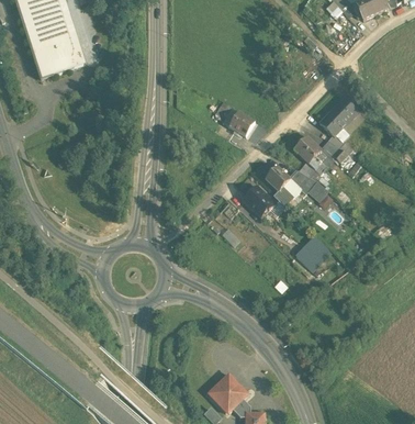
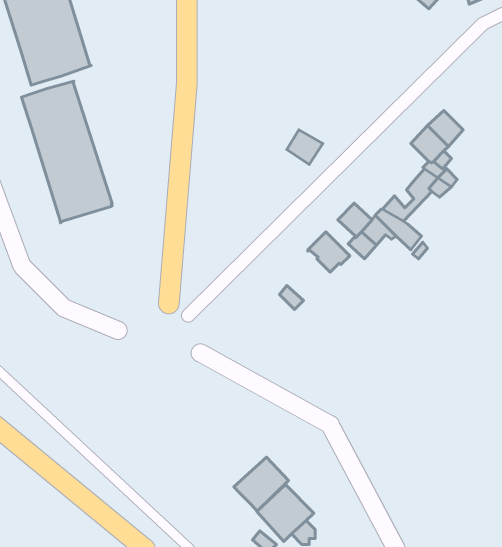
building: none -> [21,81,112,223]
building: [293,134,321,168] -> none
building: [295,235,330,270] -> none
building: none -> [234,457,288,511]

